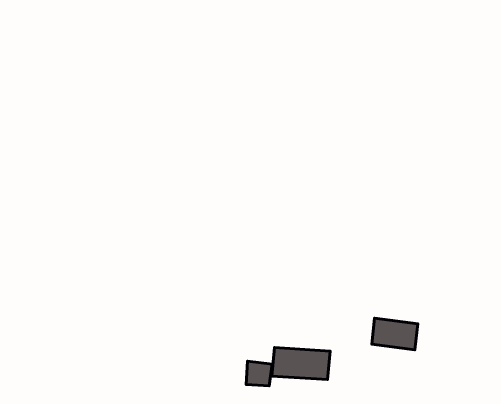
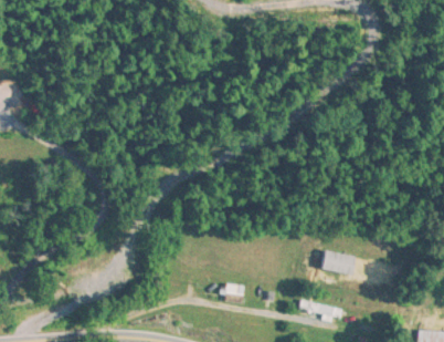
building: [272,348,330,380] -> none

